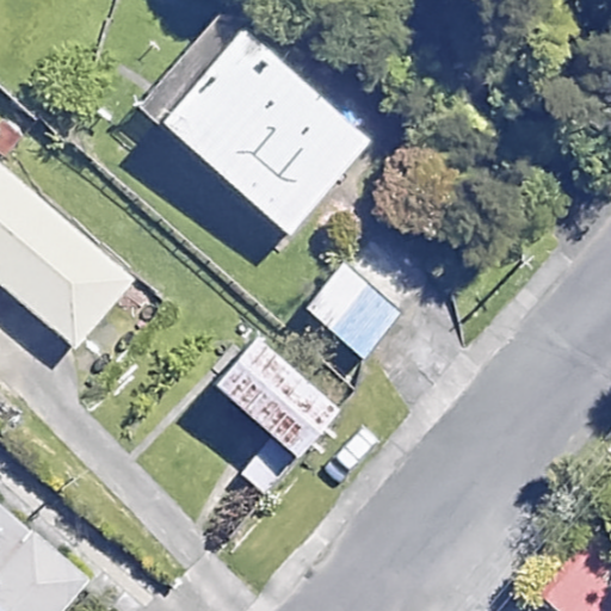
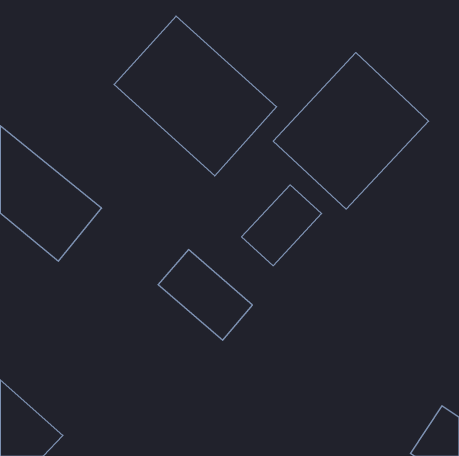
building: none -> [273,53,429,209]

